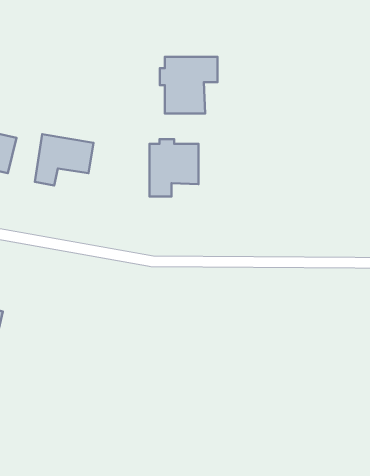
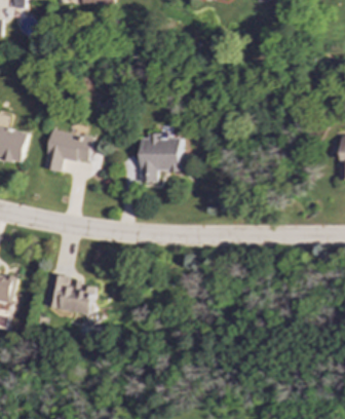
building: [160,57,217,113] -> none
building: none -> [44,273,97,314]

